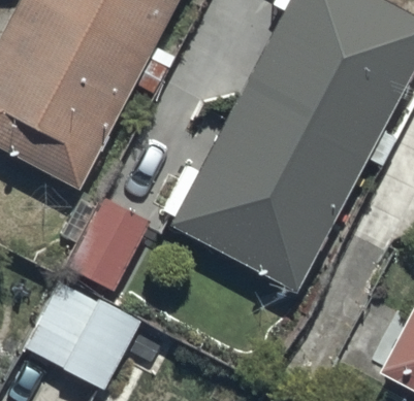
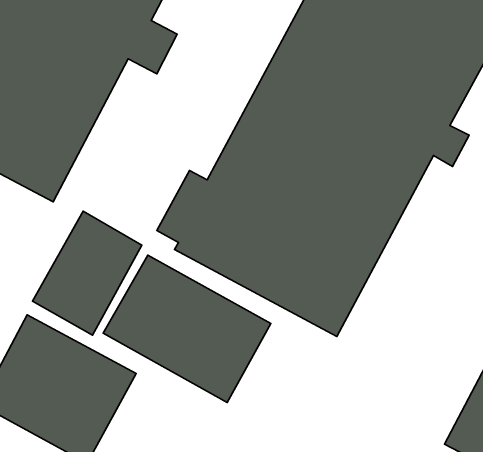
building: none -> [103,255,271,403]

